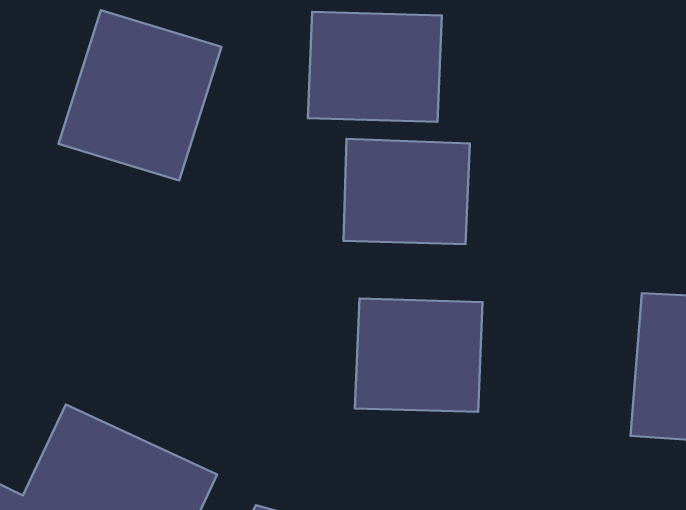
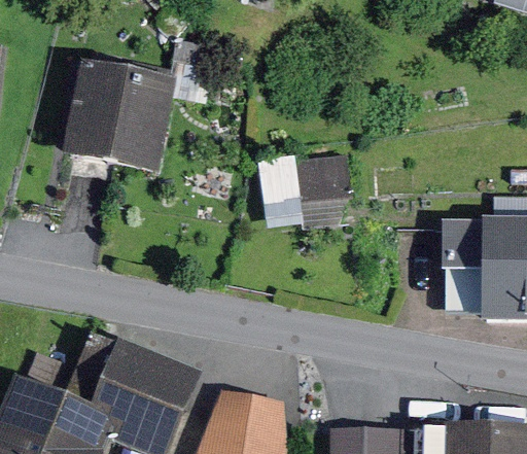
building: [308,12,442,122] -> none
building: [355,299,483,412] -> none

